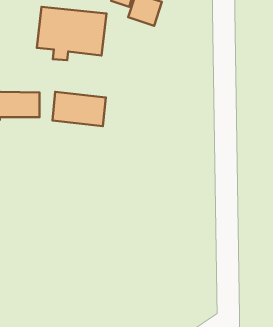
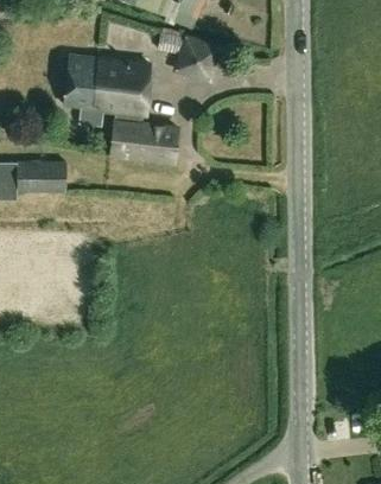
building: [52,92,106,126] -> [110,120,177,163]

